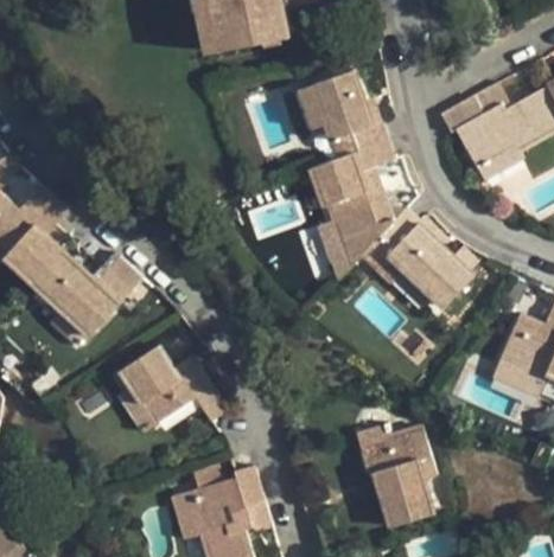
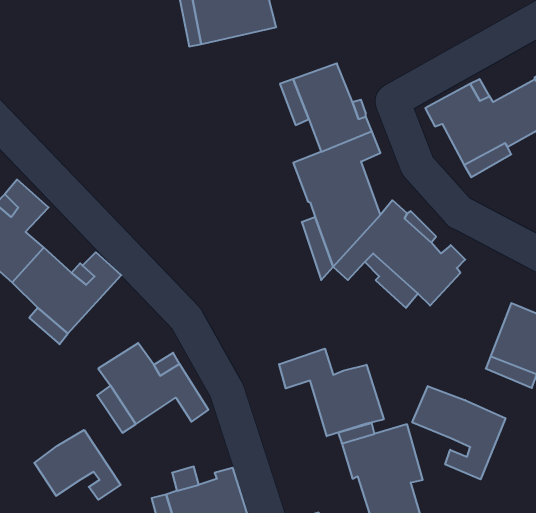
building: none -> [279,349,384,436]
building: none -> [412,386,505,479]
building: none -> [34,430,121,500]

